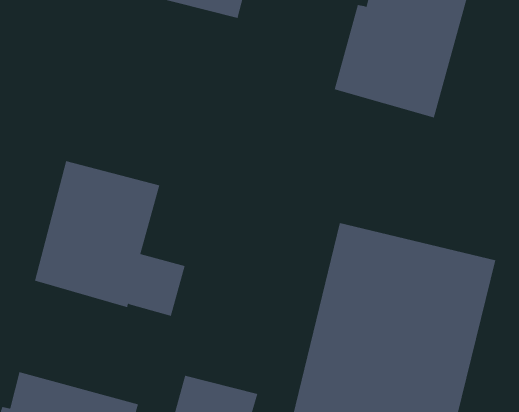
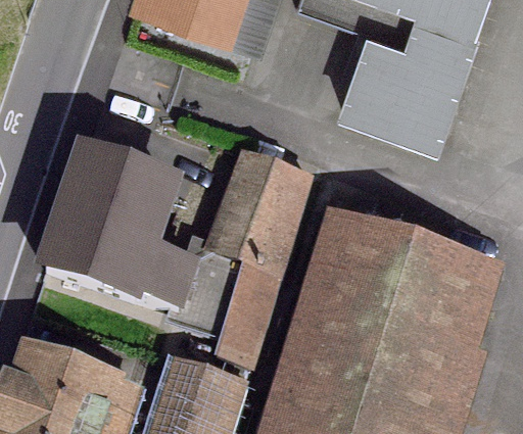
building: none -> [170,159,311,369]

